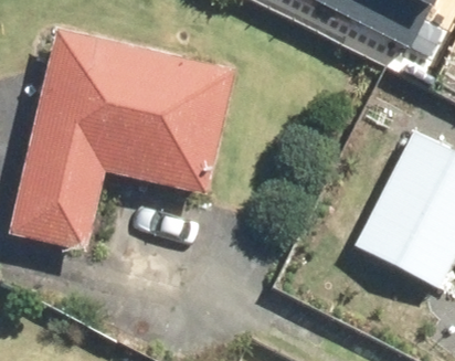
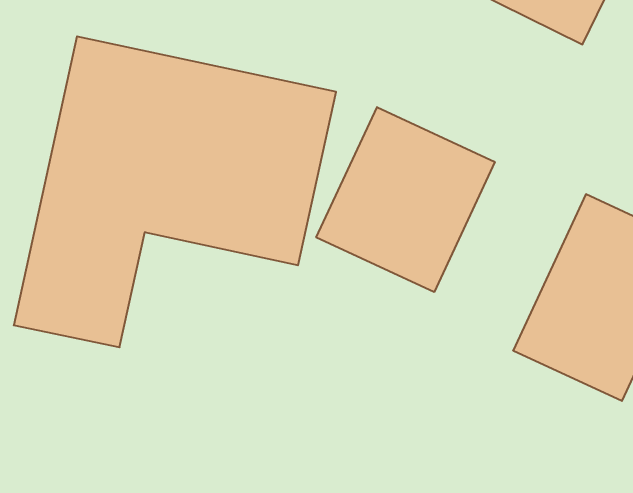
building: none -> [316,107,495,292]

